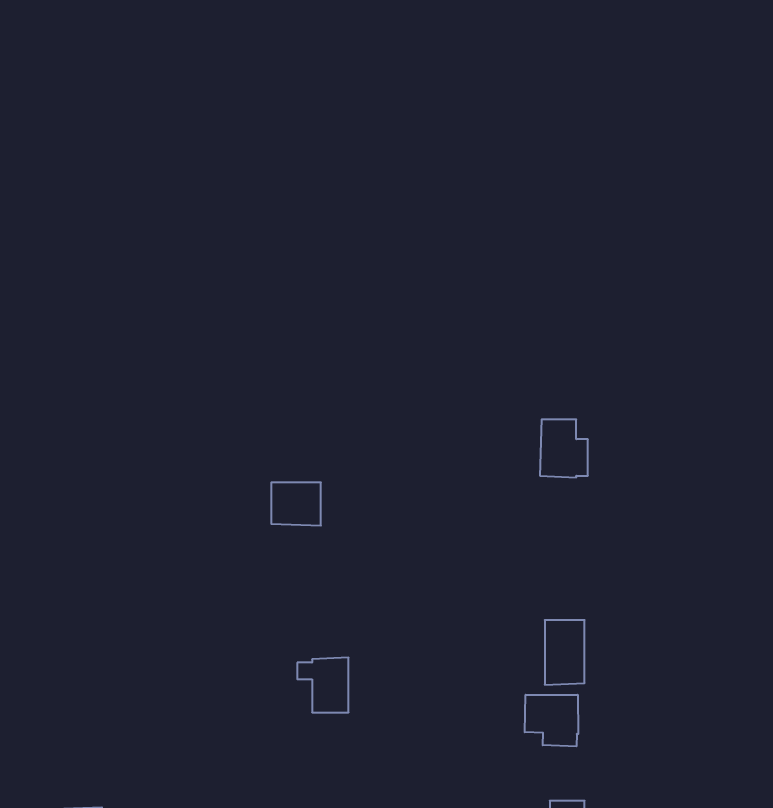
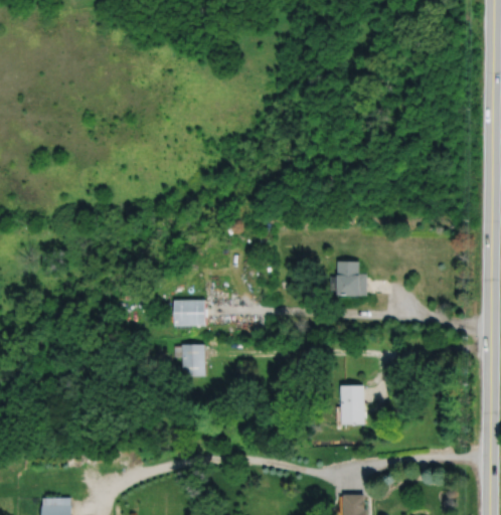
building: [297,658,349,712] -> [174,343,205,376]
building: [525,695,578,746] -> none

